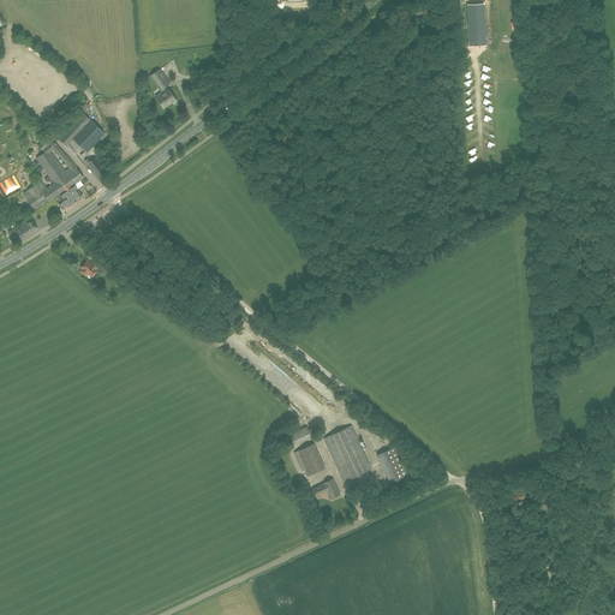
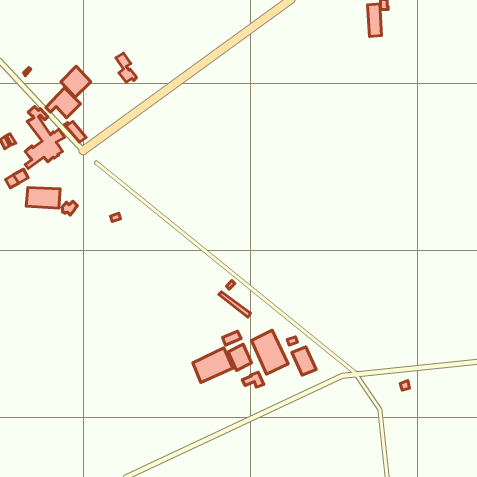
building: none -> [61,66,91,97]
building: none -> [26,188,60,208]
building: none -> [193,348,233,382]

